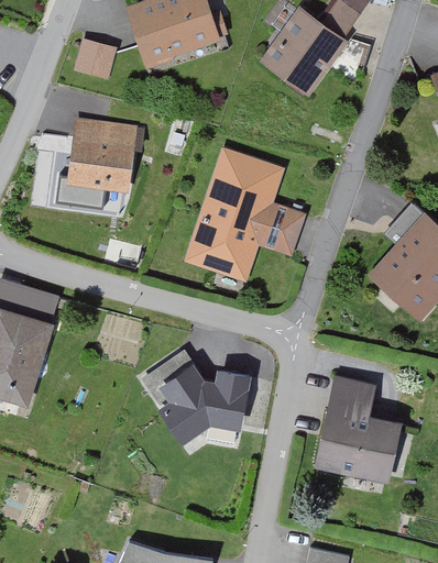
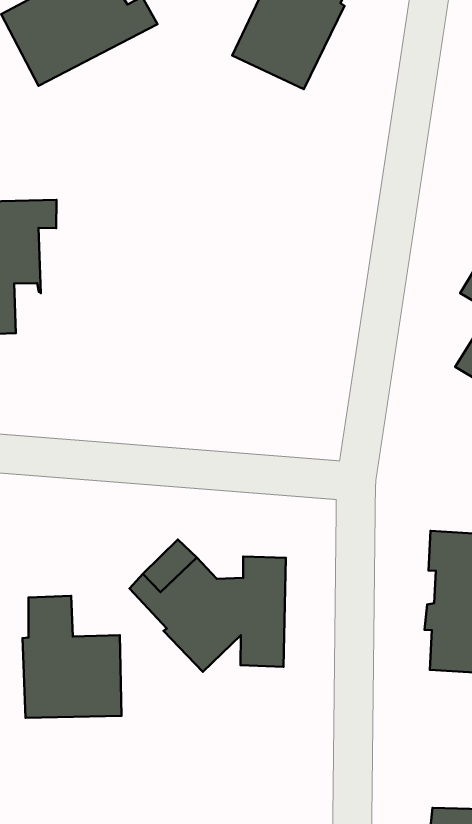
building: [190,150,304,272] -> none
building: none -> [23,596,122,718]

